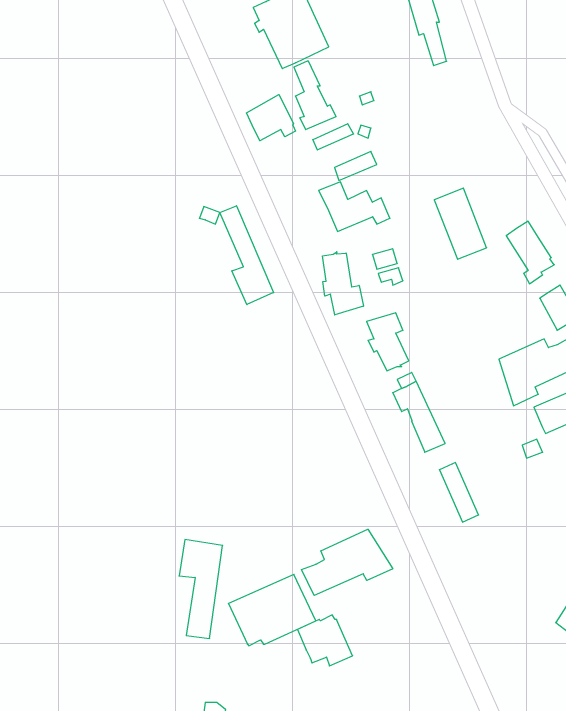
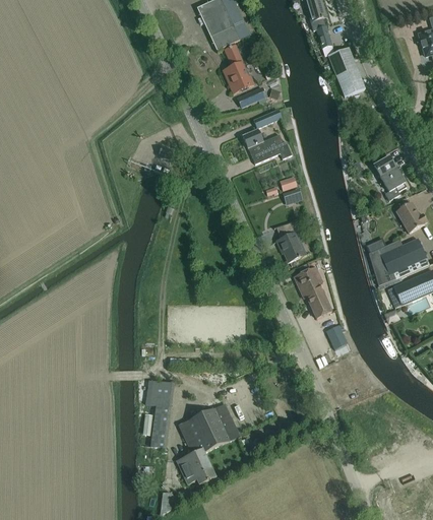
building: [247,95,295,141] -> none
building: [434,188,487,259] -> [328,47,365,96]
building: [220,206,274,305] -> none
building: [323,252,363,315] -> none
building: [301,529,393,595] -> none
building: [297,615,353,666] -> [178,449,216,484]

